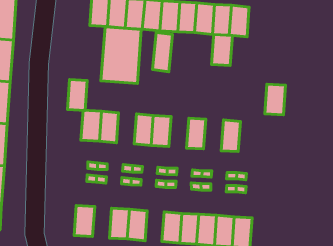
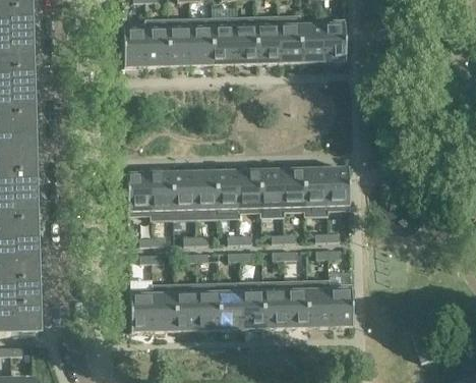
building: [101,27,141,83] -> none
building: [153,32,173,72] -> none
building: [212,34,232,65] -> [323,22,348,61]
building: [67,80,87,110] -> [173,171,196,210]
building: [265,84,286,115] -> [326,167,351,206]
building: none -> [239,170,262,208]
building: none -> [283,168,306,207]
building: none -> [155,292,177,330]
building: none -> [221,290,243,329]

